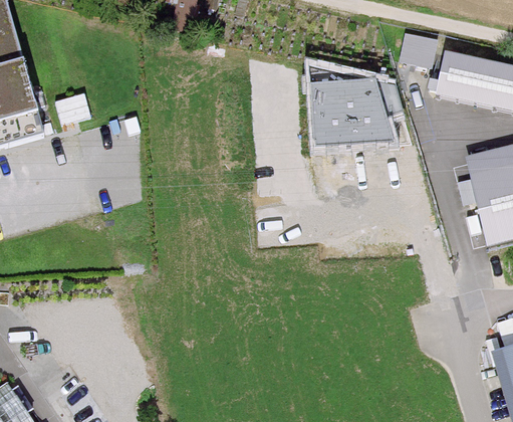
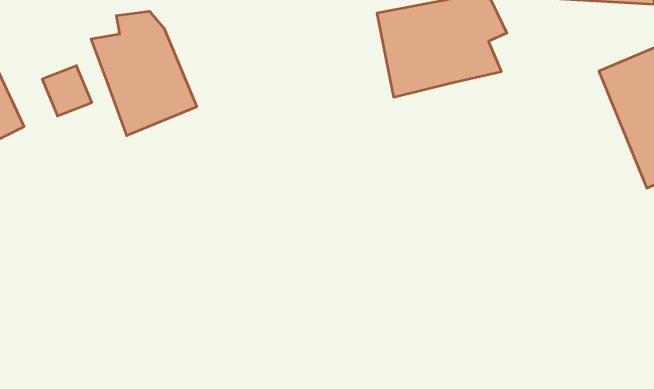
building: none -> [91,11,197,136]

